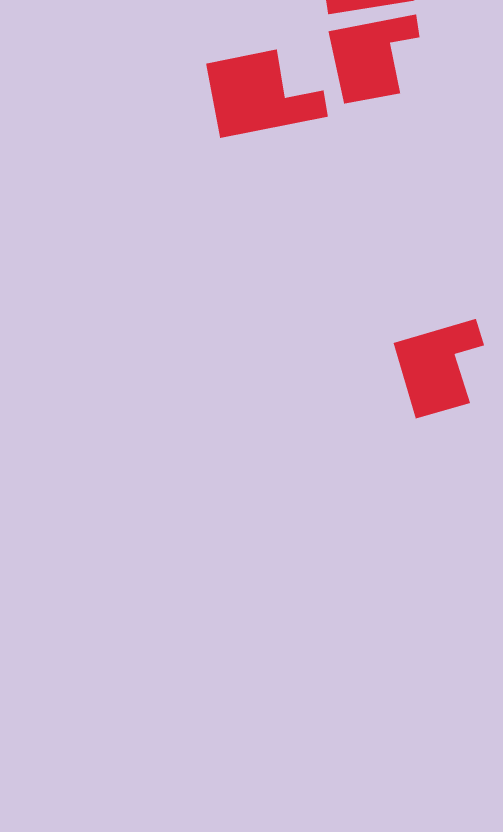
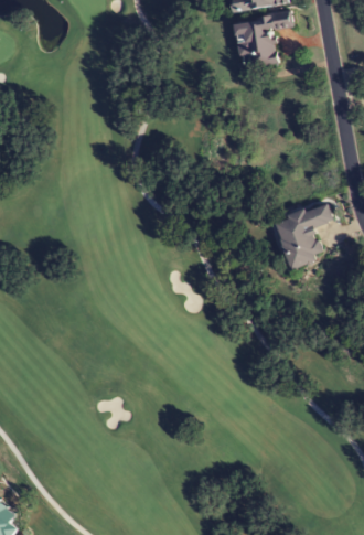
building: [205,48,329,139] -> none

